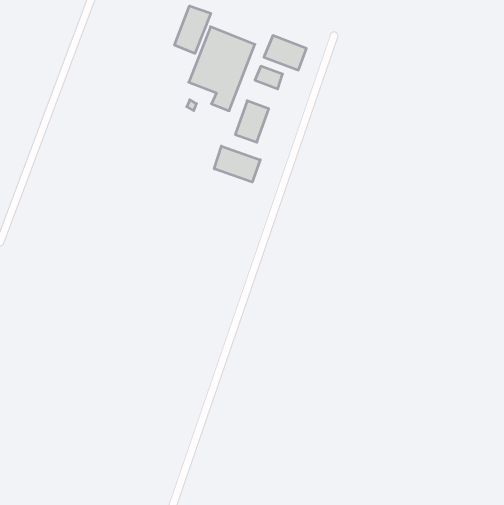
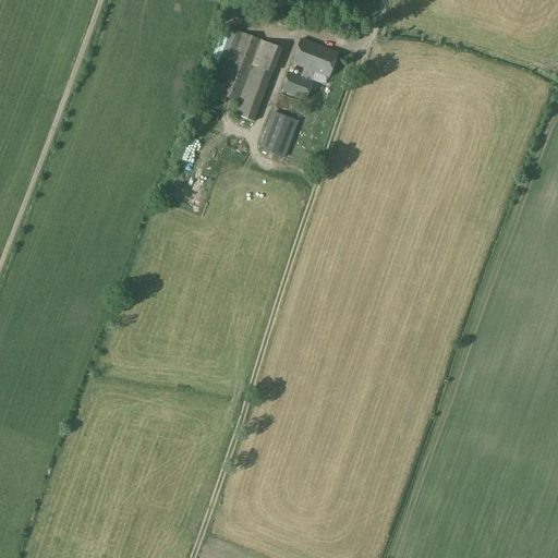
building: [175,6,211,53] -> none
building: [214,146,260,182] -> none

